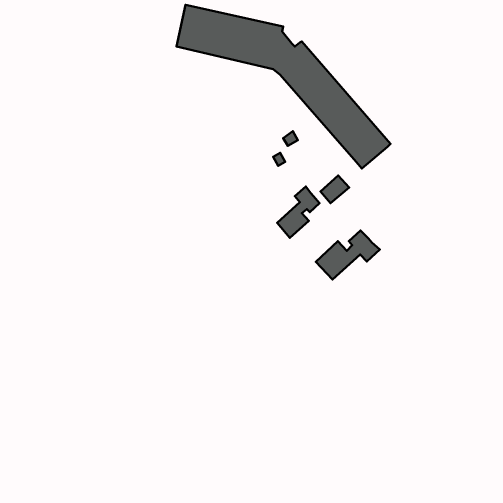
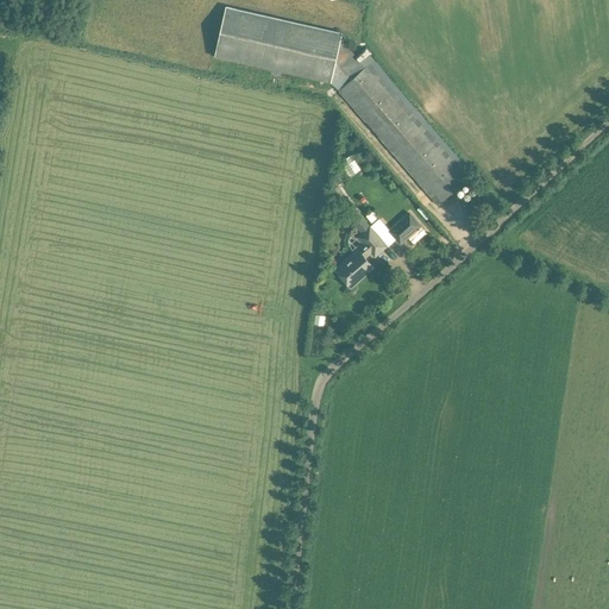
building: [316,230,380,279] -> none

